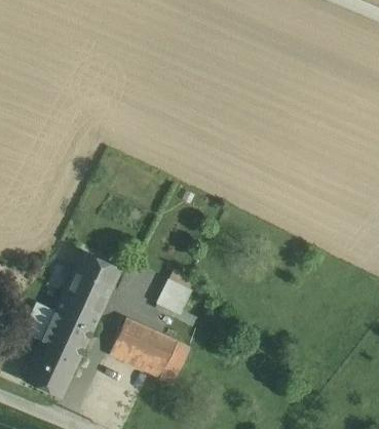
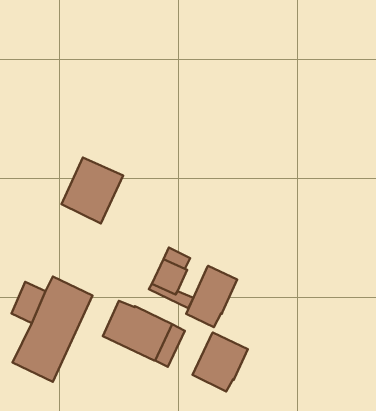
building: [62,250,121,314] -> [61,157,123,223]
building: none -> [186,266,237,327]
building: none -> [192,332,248,391]

